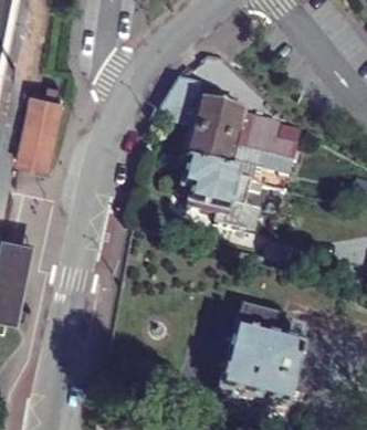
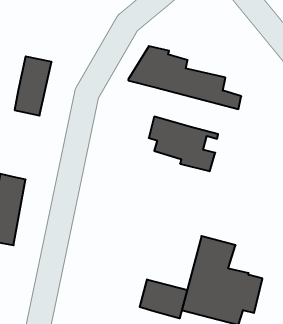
building: [182,124,298,171] -> none
building: none -> [140,279,187,318]

